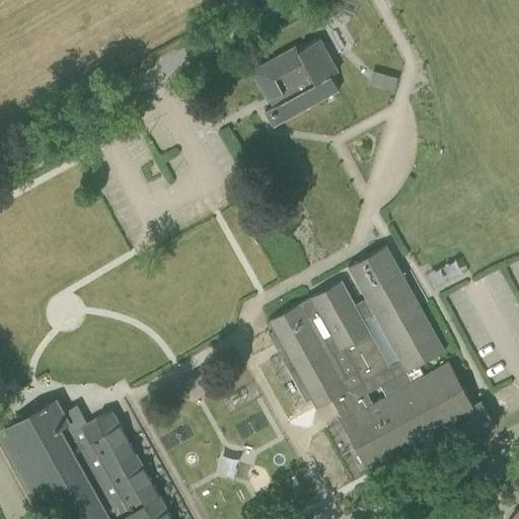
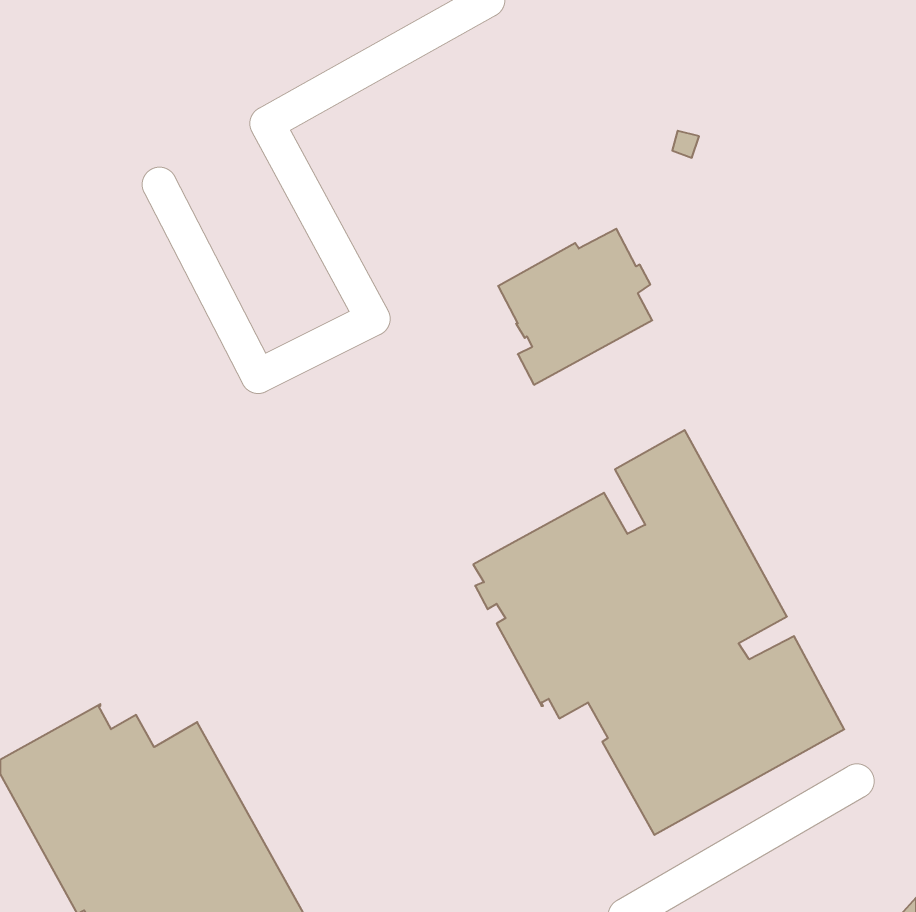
building: [252,40,340,128] -> [498,229,652,385]

